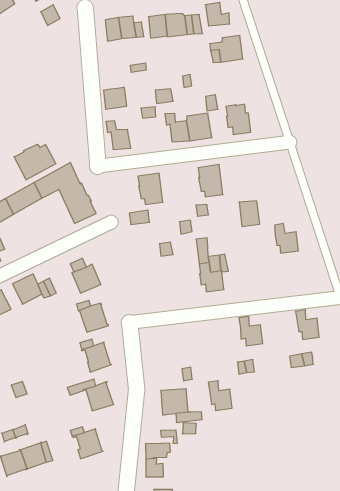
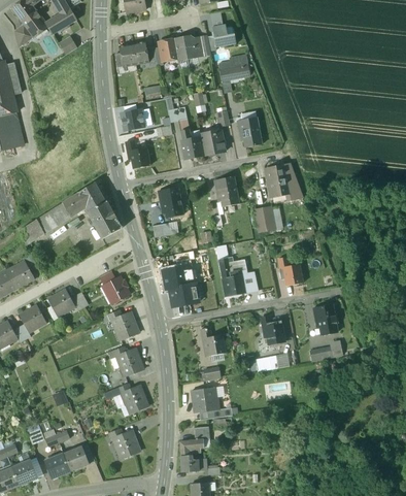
building: [14,144,56,180] -> none
building: none -> [265,166,291,197]
building: [275,224,298,253] -> [279,257,303,285]
building: none -> [167,284,199,306]
building: [208,381,232,410] -> [201,327,225,355]

